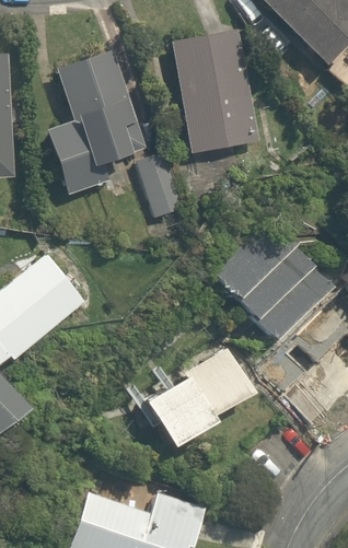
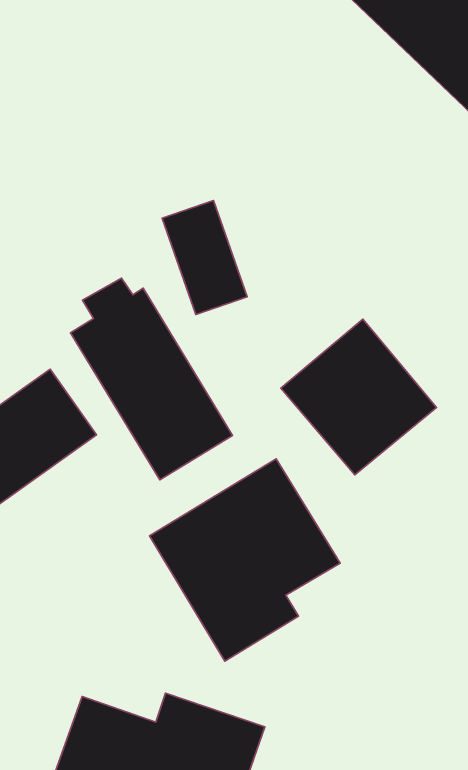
building: [160,26,263,163] -> none
building: [46,49,142,205] -> none
building: none -> [71,278,233,480]

